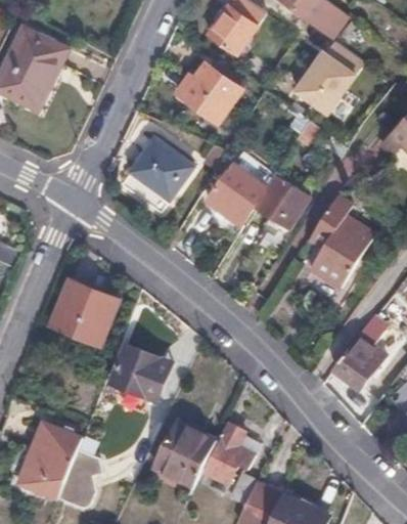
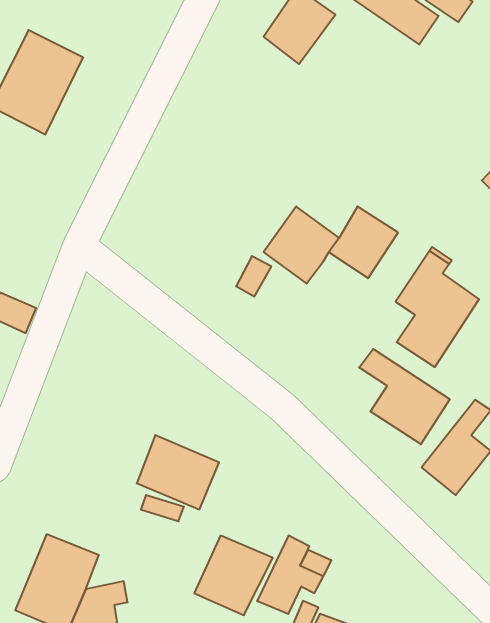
building: [292,40,362,113] -> none
building: [176,69,238,123] -> none
building: [131,137,194,200] -> none
building: none -> [359,349,450,444]
building: [49,279,118,346] -> none

